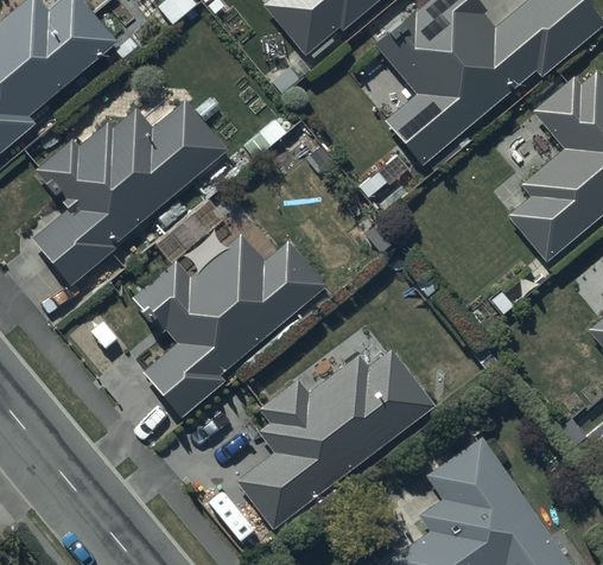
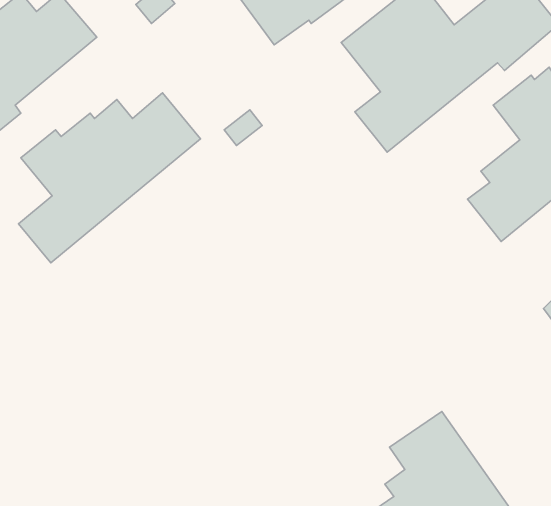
building: [133,235,328,414] -> none
building: [234,349,437,529] -> none

